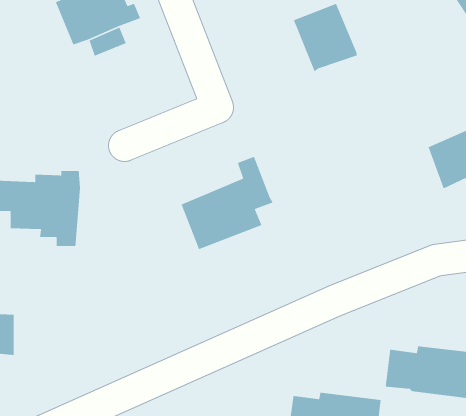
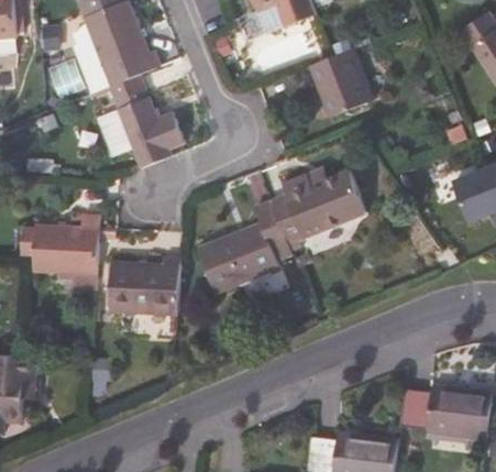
building: none -> [106,98,186,169]
building: none -> [273,168,367,241]
building: none -> [111,260,181,314]

